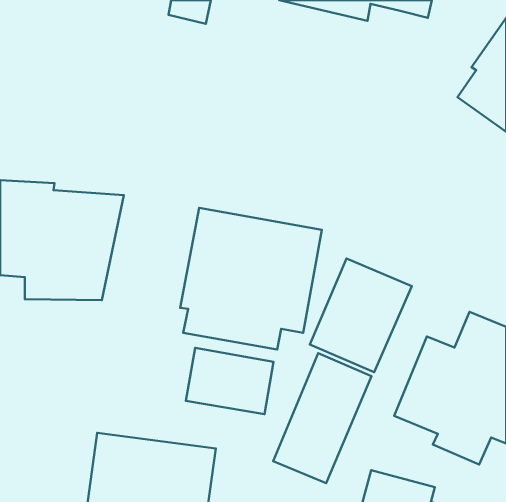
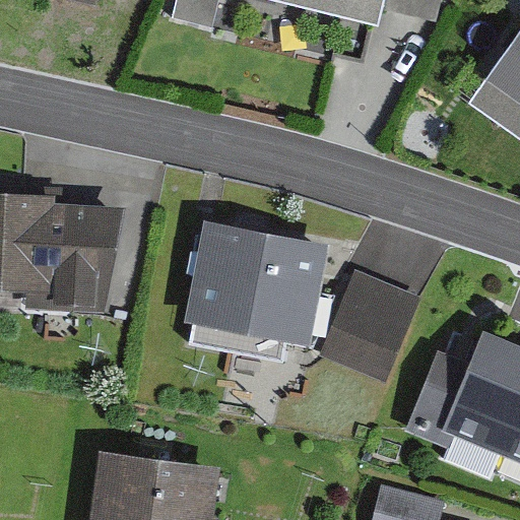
building: [186,348,274,414] -> none
building: [273,353,372,483] -> none

